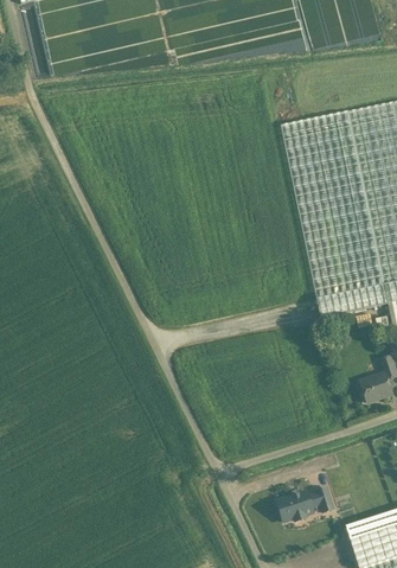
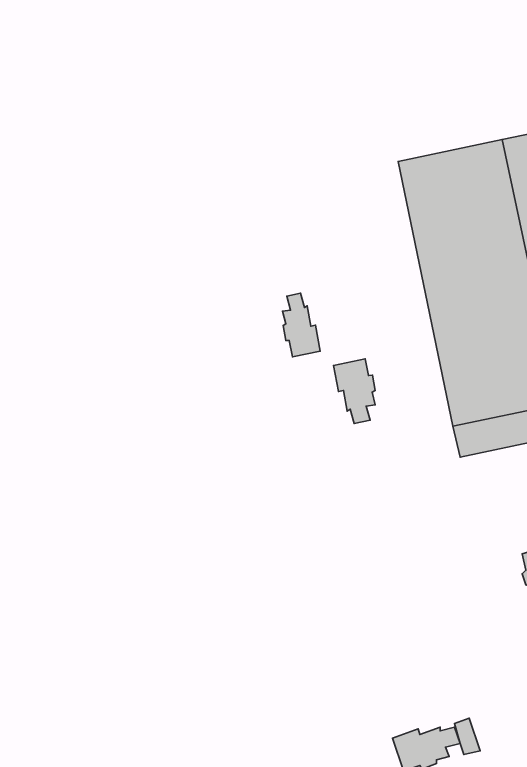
building: none -> [283,293,320,357]
building: none -> [333,359,375,423]

